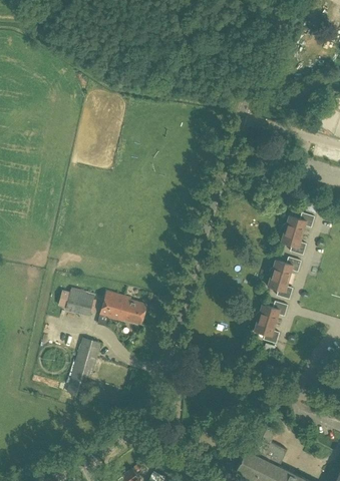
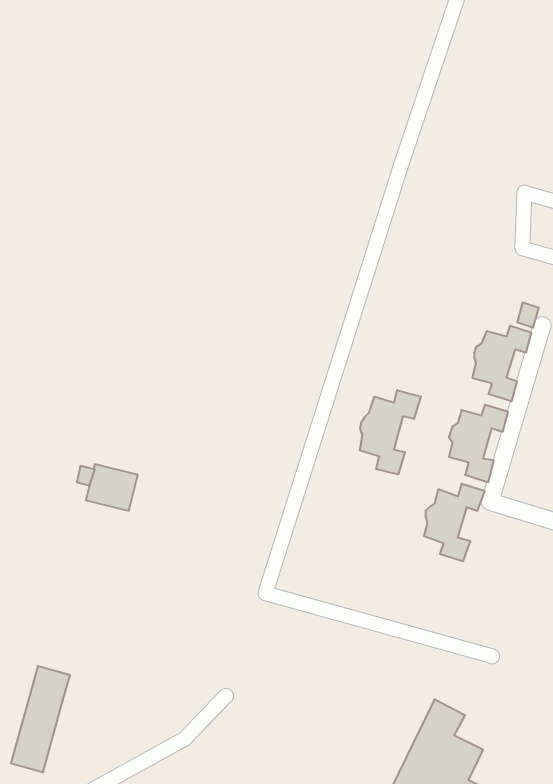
building: none -> [360,390,421,474]
building: [99,291,146,324] -> none
building: [67,338,100,397] -> [11,666,70,772]

